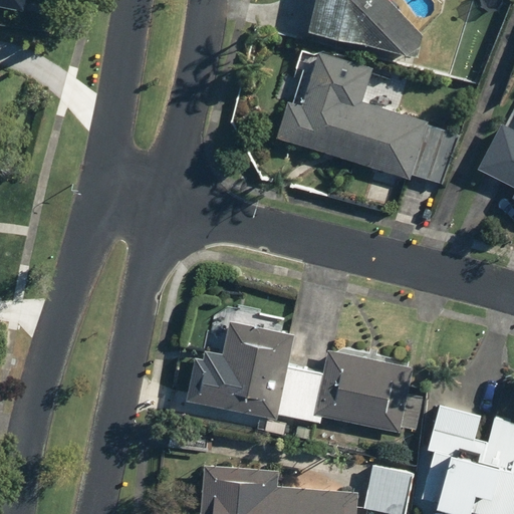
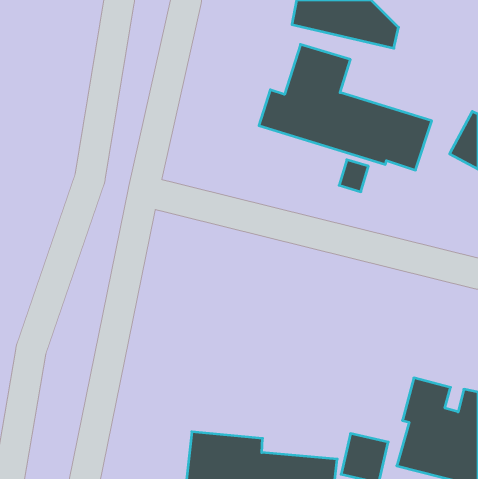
building: [187,320,420,434] -> none

